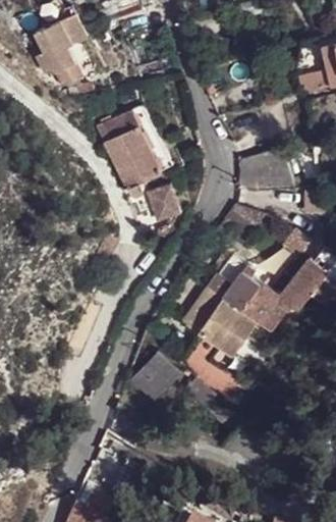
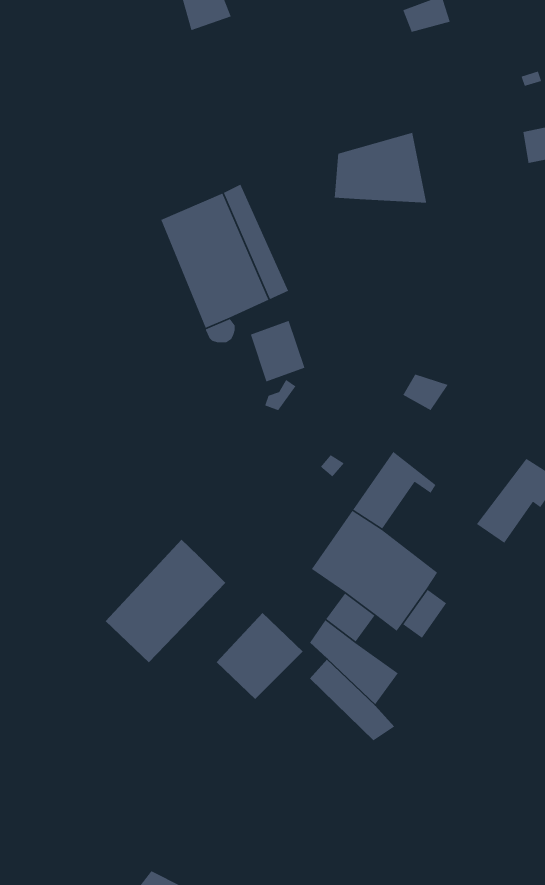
building: [36,10,87,84] -> none
building: [238,152,291,193] -> [334,132,427,203]
building: [223,275,292,334] -> none
building: none -> [105,539,226,663]

